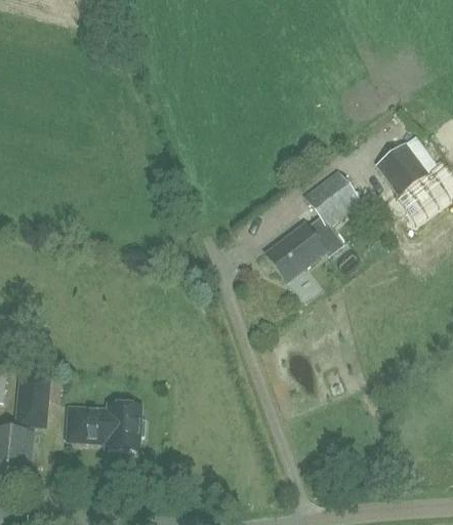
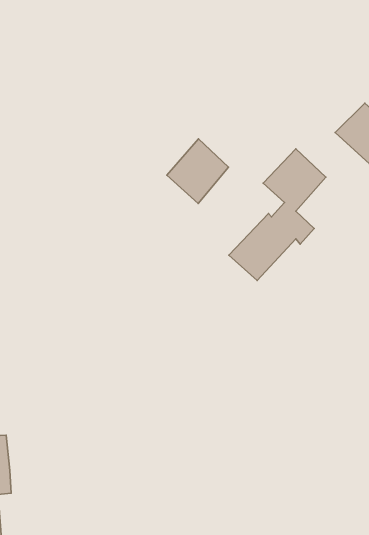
building: none -> [167,139,229,204]
building: [70,400,147,449] -> none

